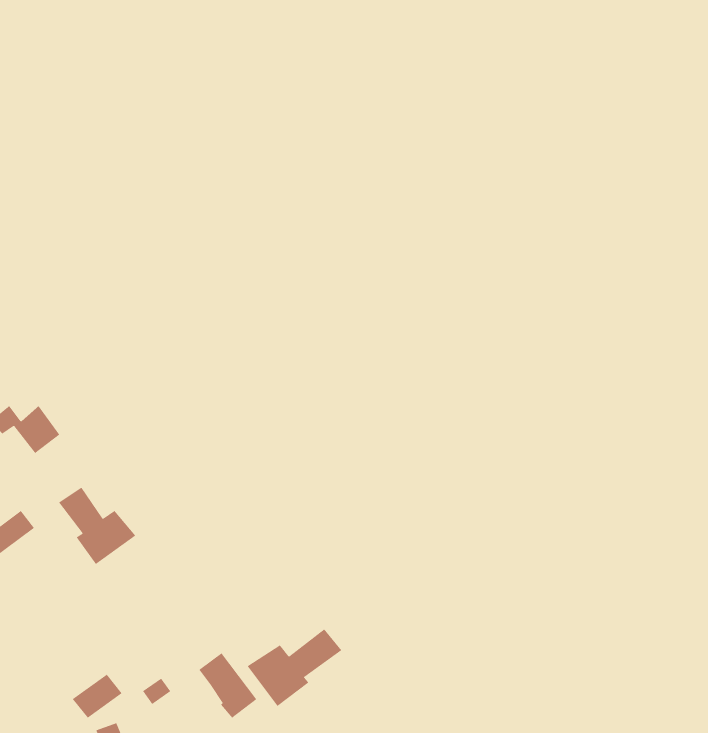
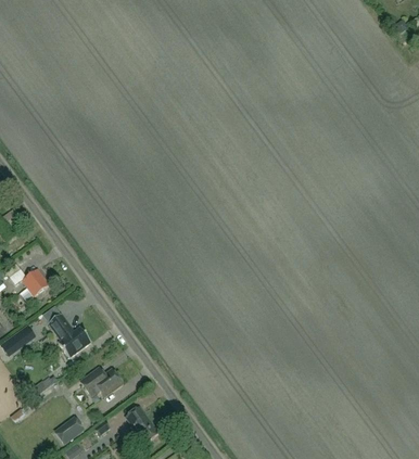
building: none -> [79,369,120,397]
building: [247,628,342,707] -> none

